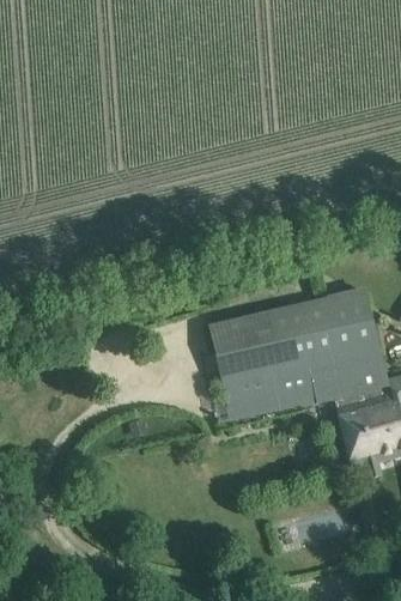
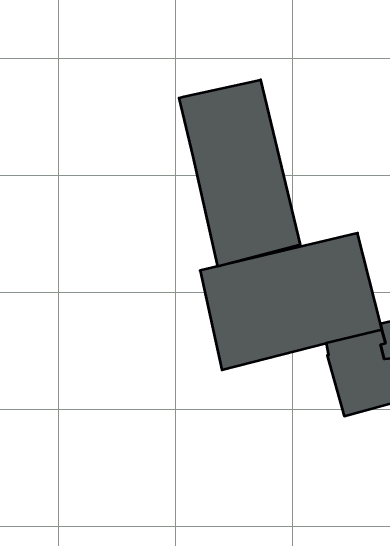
building: none -> [179,80,300,266]

